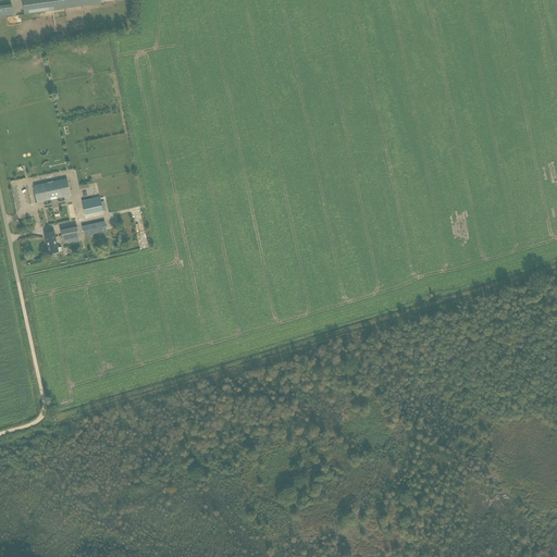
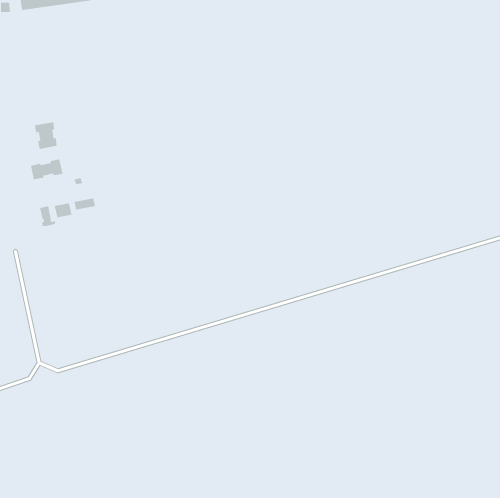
building: none -> [34,122,57,150]

